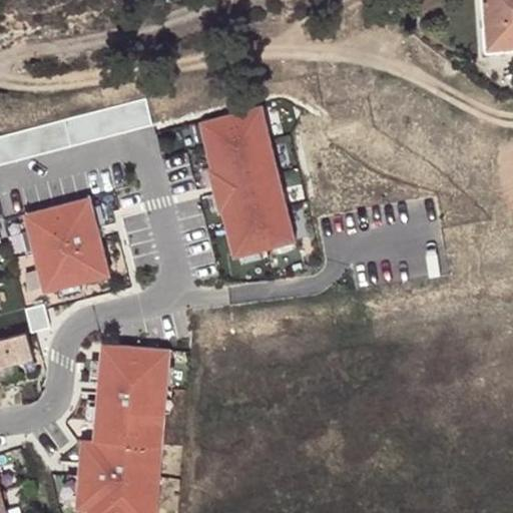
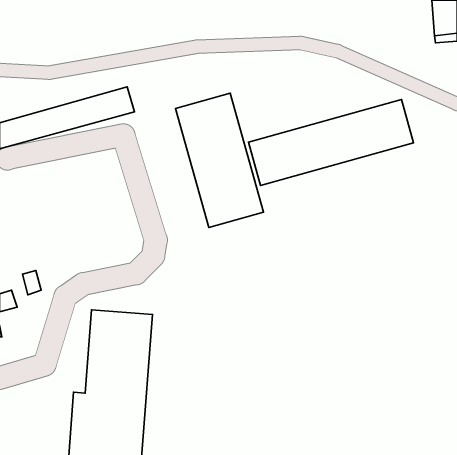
building: none -> [248,100,414,185]
building: [21,193,109,290] -> none

